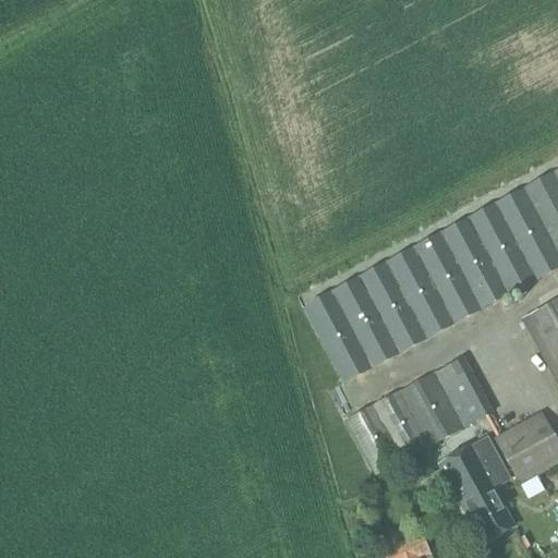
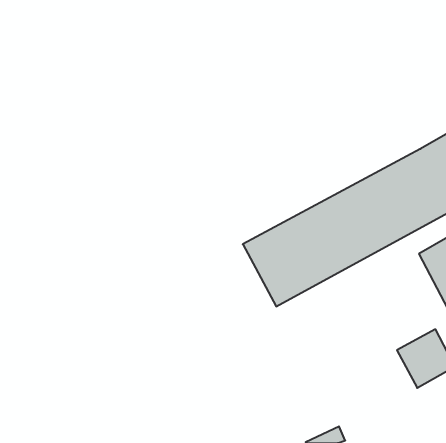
building: [344,354,495,474] -> none
building: [441,436,515,539] -> none

